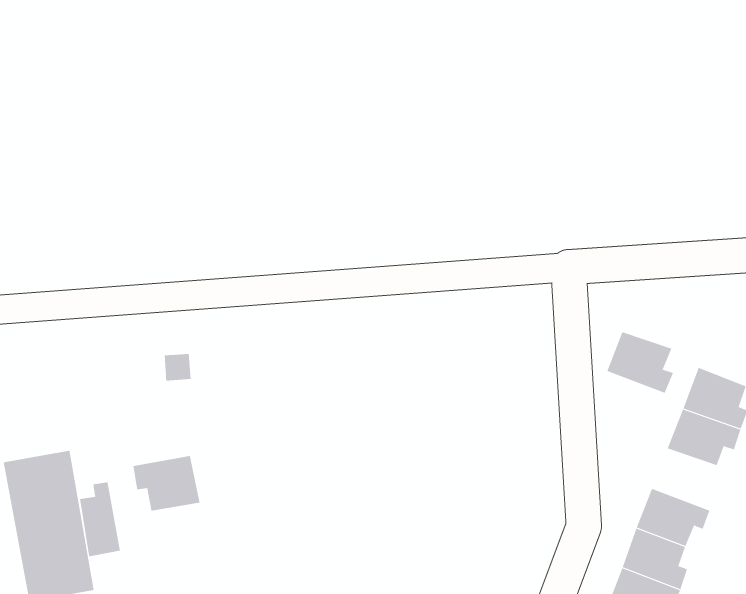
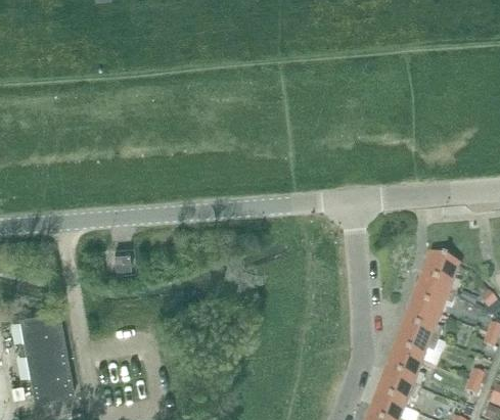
building: [606,331,674,394] -> [401,304,441,340]
building: [133,455,200,512] -> none
building: [80,482,120,557] -> none

